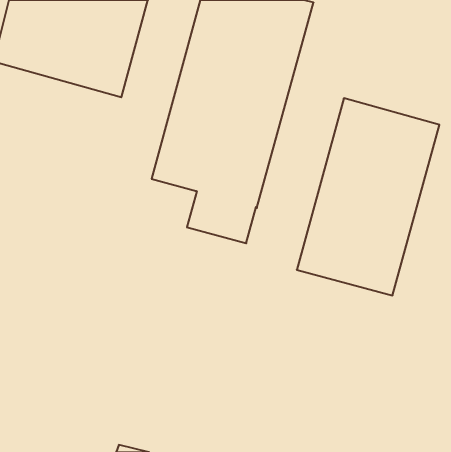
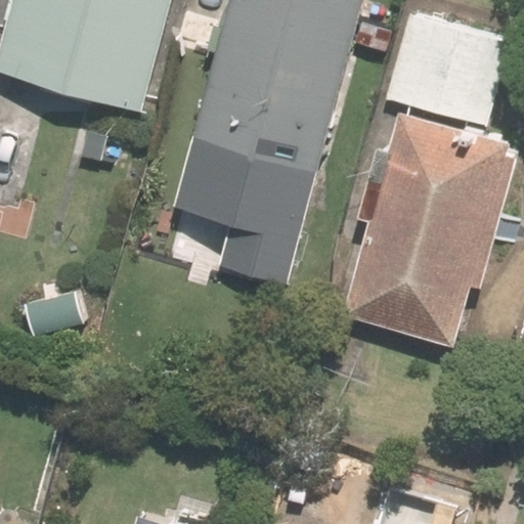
building: none -> [386,15,509,127]

